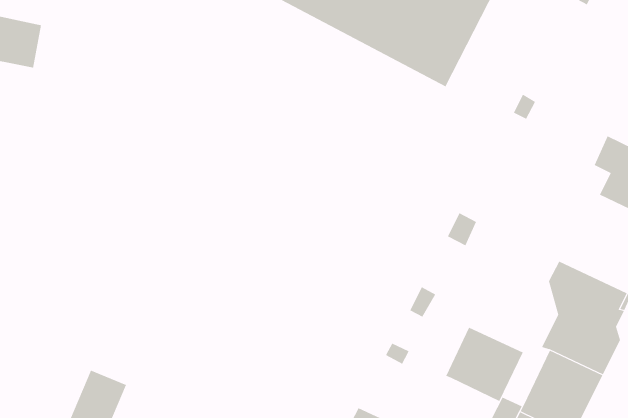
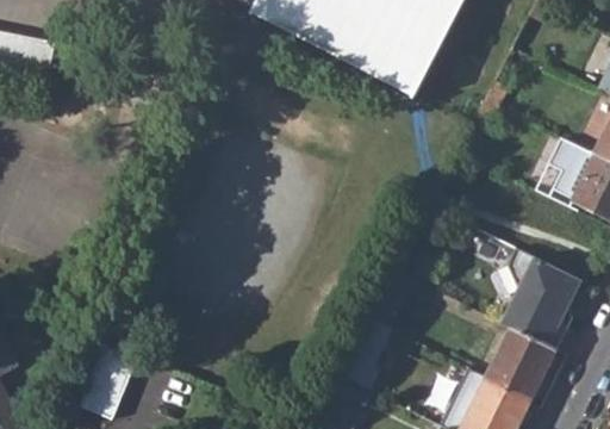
building: [446,327,524,402] -> none

